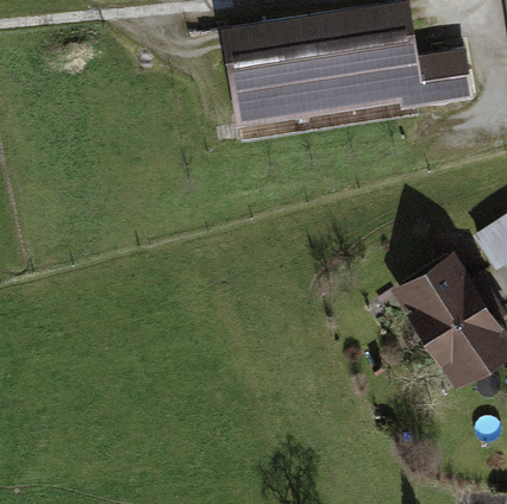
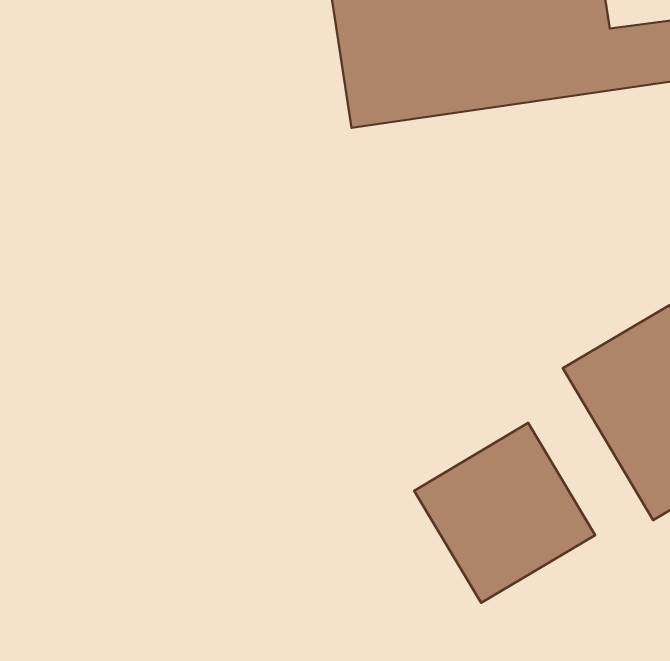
building: none -> [414,423,595,603]

